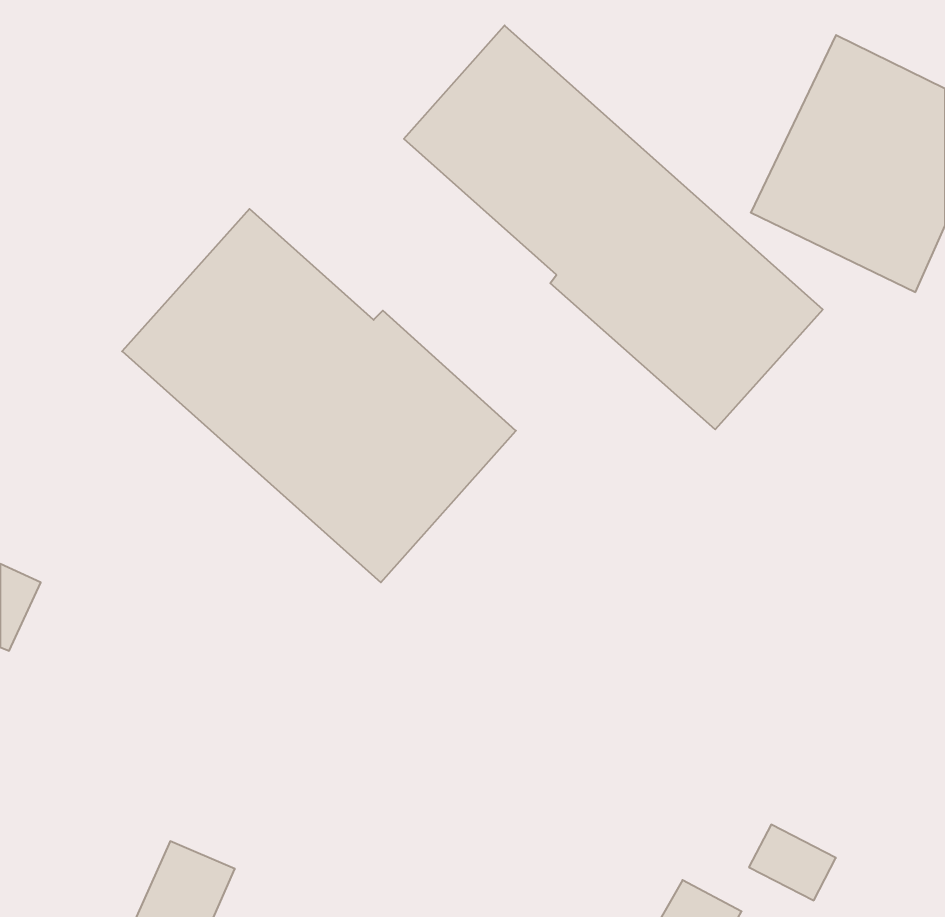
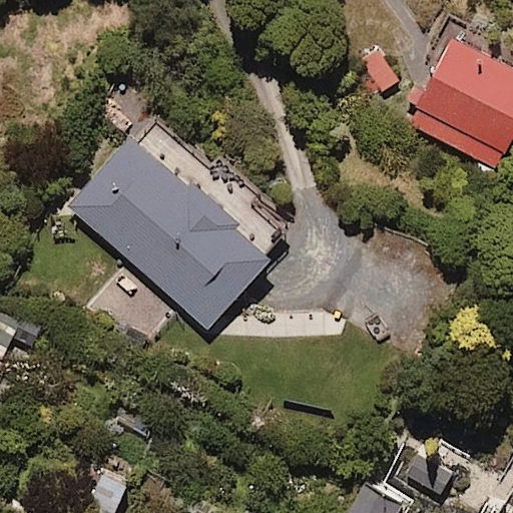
building: [404,25,823,429] -> none

